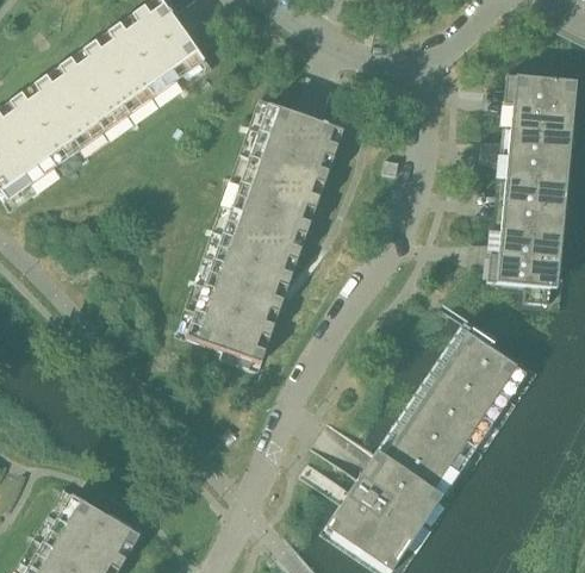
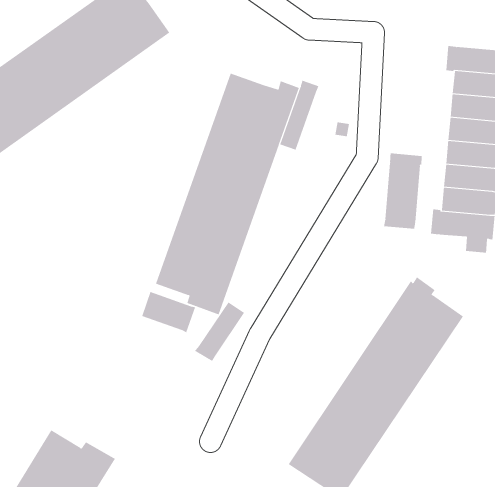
building: none -> [280,80,319,150]
building: none -> [383,153,422,230]
building: none -> [141,291,196,333]
building: none -> [194,302,245,362]

